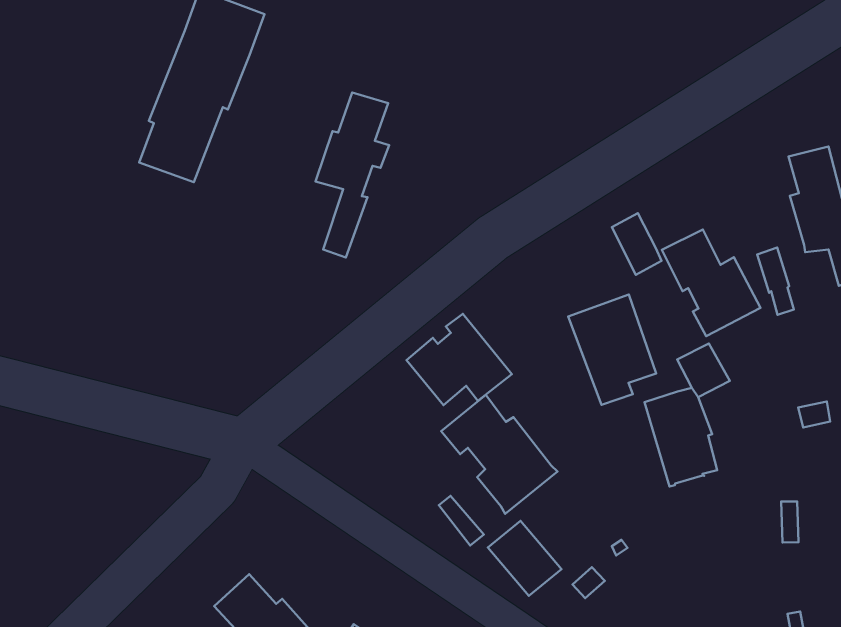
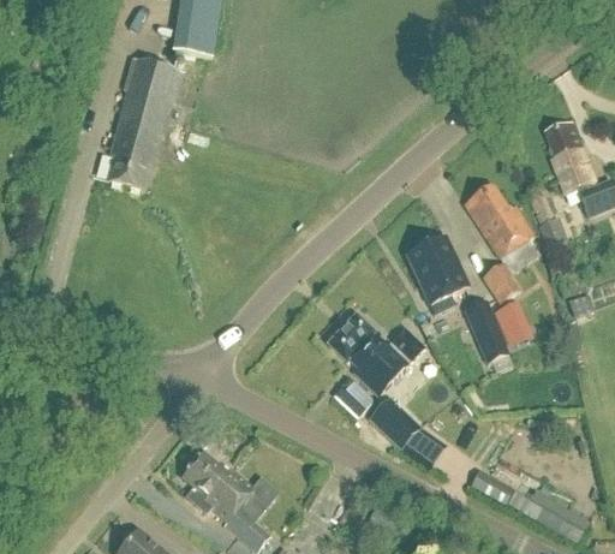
building: [316,92,389,257] -> none
building: [612,213,662,275] -> none
building: [406,314,512,405] -> none

